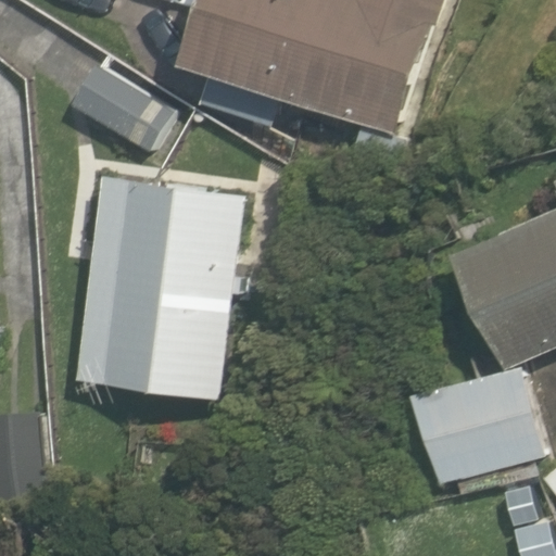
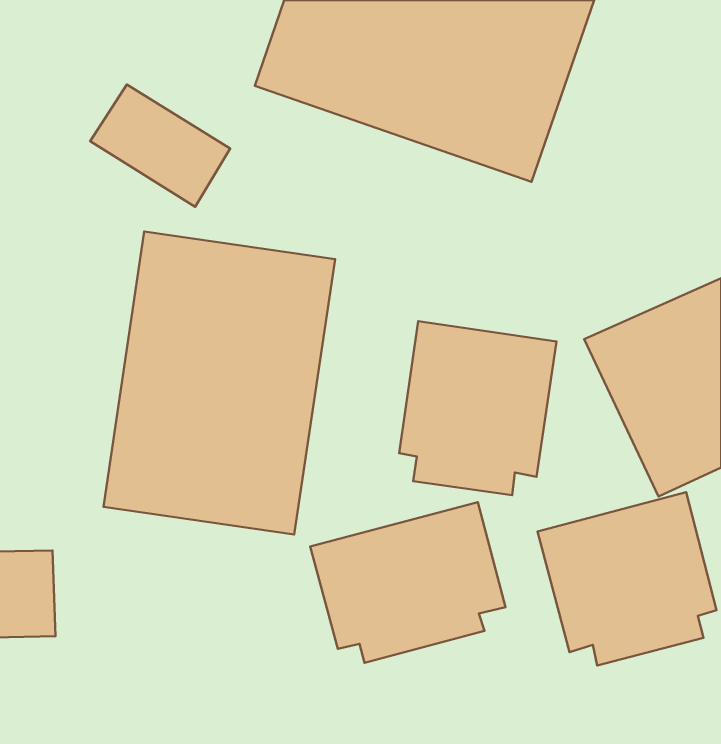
building: none -> [399,321,557,495]
building: none -> [310,502,506,663]

